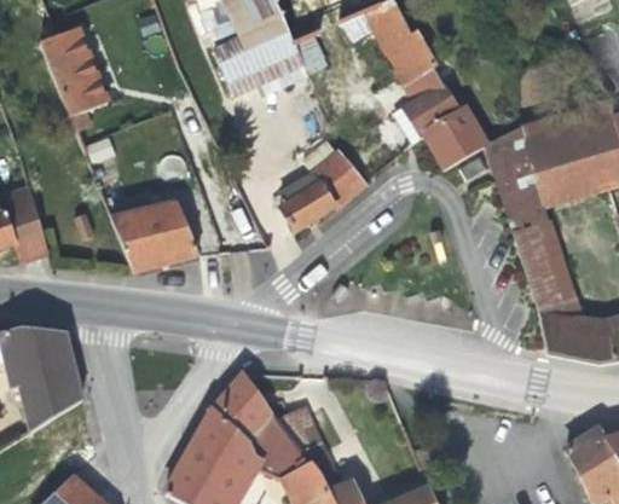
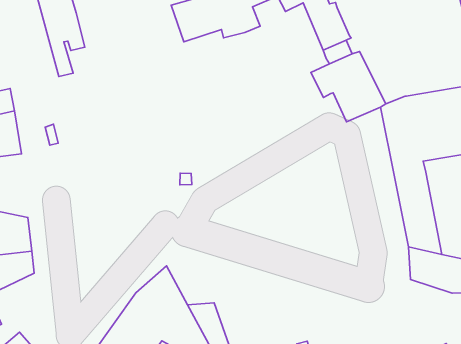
building: [279,151,366,232] -> none
building: [111,202,198,272] -> none

